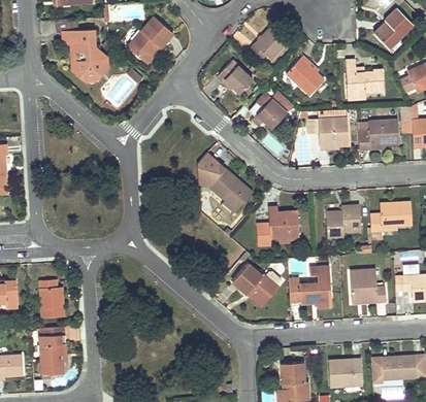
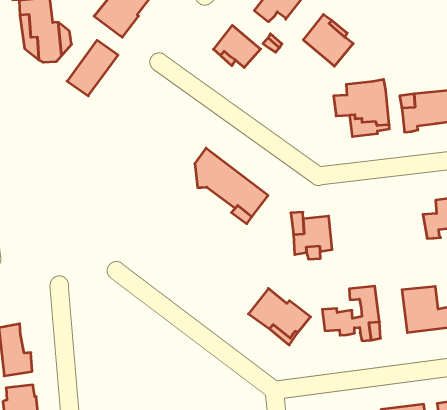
building: [345,60,384,96] -> none
building: [249,90,293,128] -> none
building: [326,205,360,237] -> none

